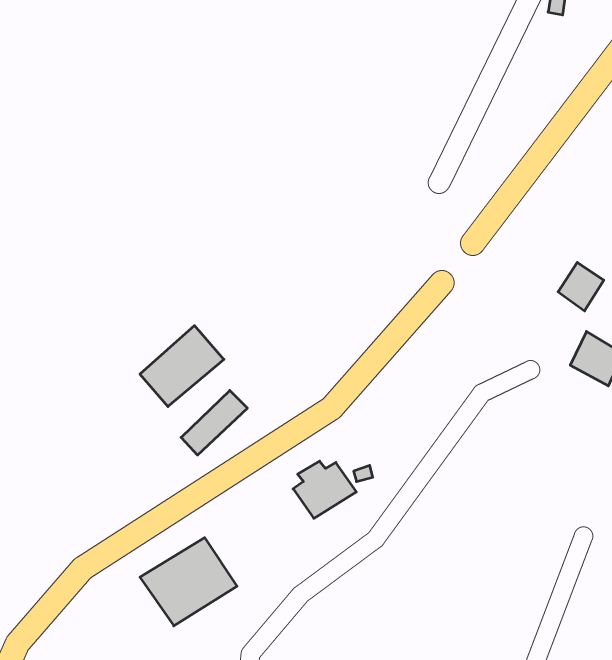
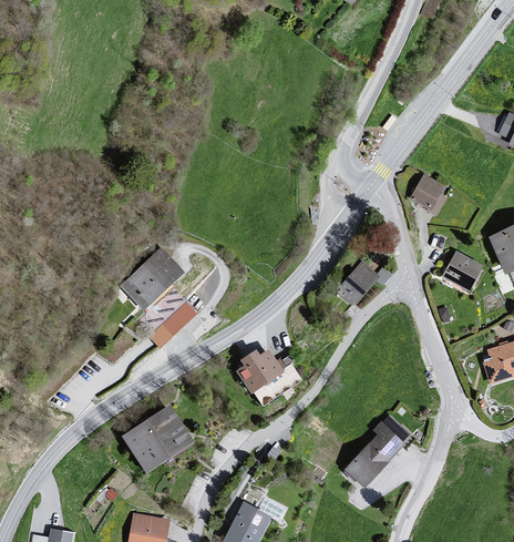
building: [558,262,604,311] -> [410,174,444,211]
building: none -> [335,262,381,307]
building: none -> [343,415,411,489]

